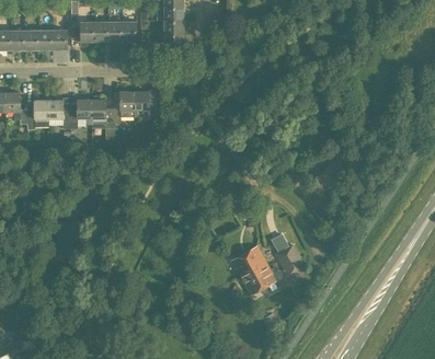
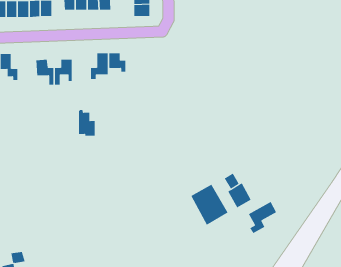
building: [91,95,112,127] -> [78,109,96,136]
building: [26,100,48,128] -> none
building: none -> [248,201,277,234]

